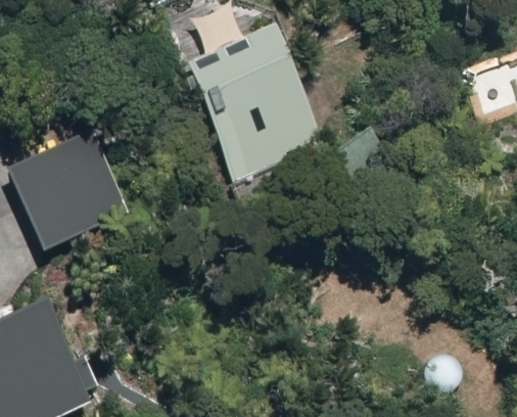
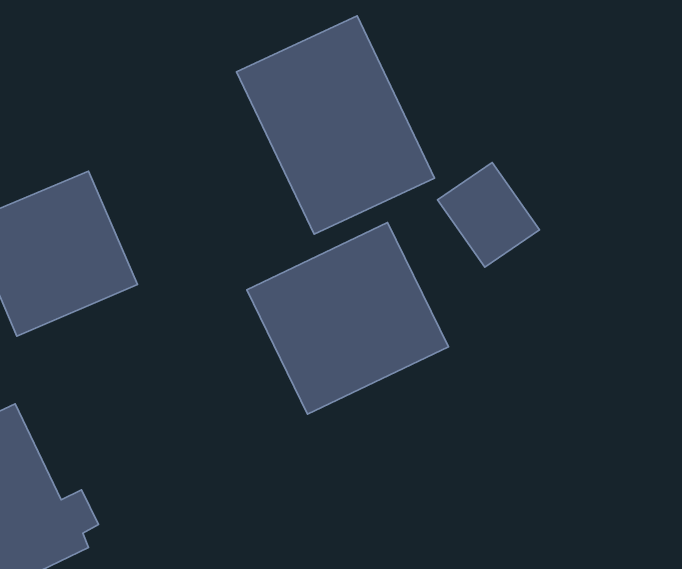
building: none -> [247,222,448,414]

